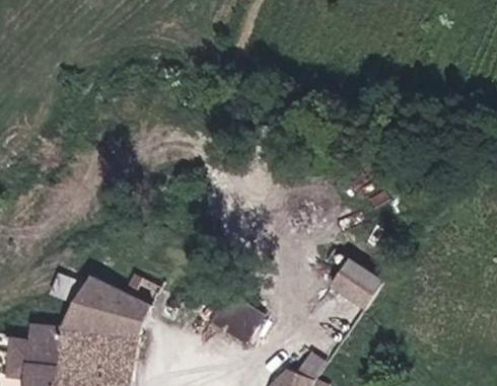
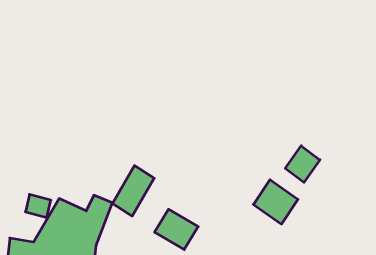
building: none -> [285,146,320,182]
building: none -> [112,166,154,216]

